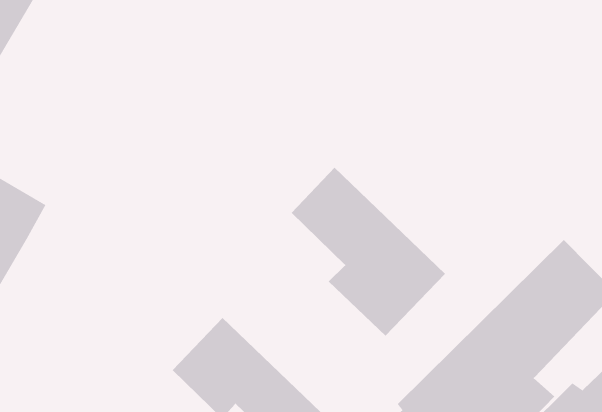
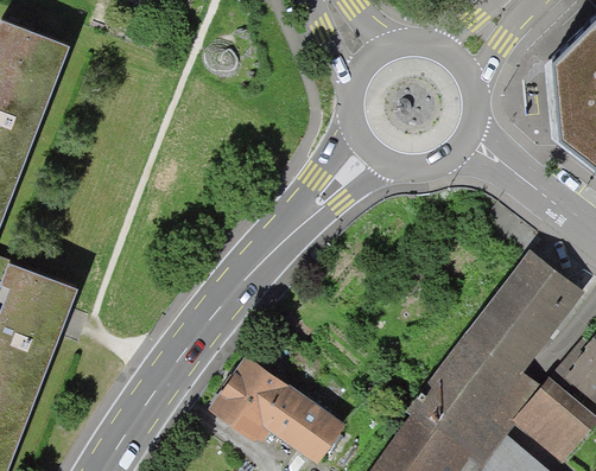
building: [291,167,446,336] -> none

